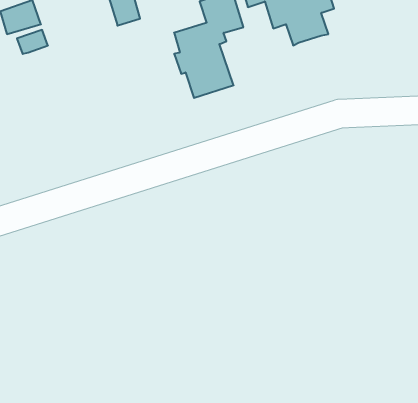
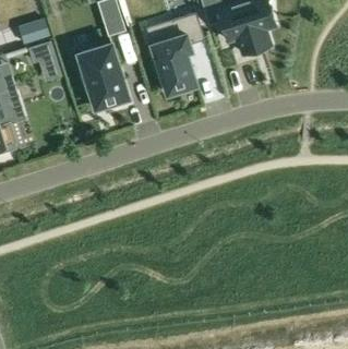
building: none -> [79,43,129,108]

